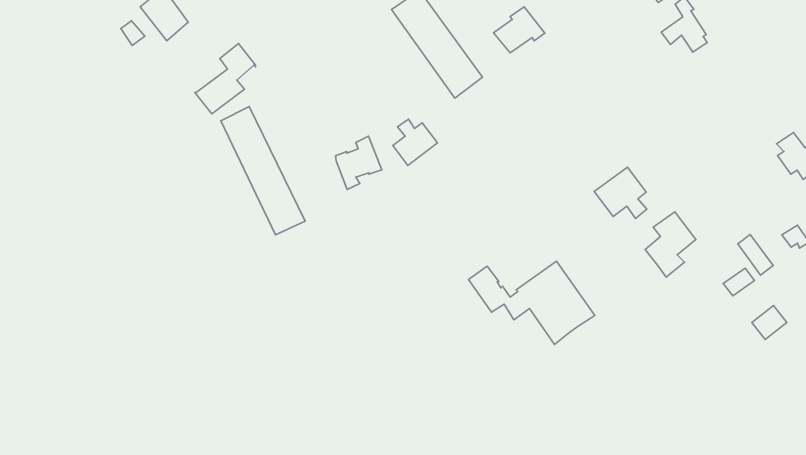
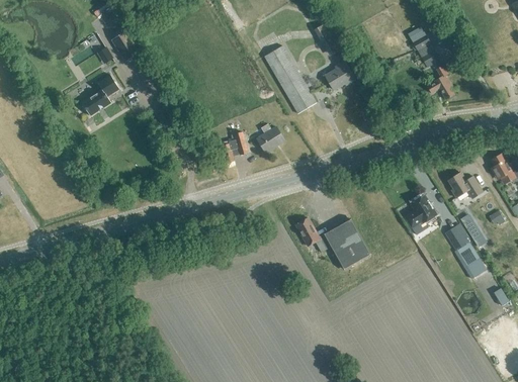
building: [195,43,256,114] -> [81,74,119,115]
building: [221,106,305,235] -> none
building: [594,167,647,218] -> none
building: none -> [448,172,483,198]

